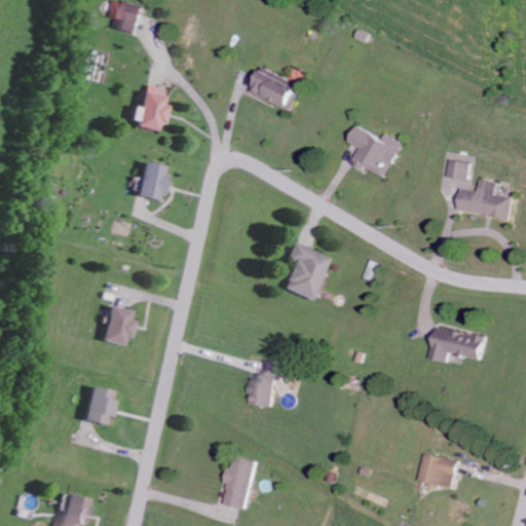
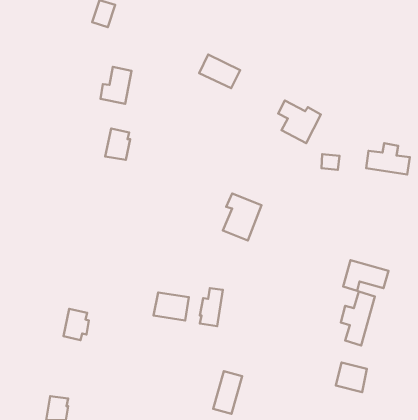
building: [448,159,471,179] -> [321,154,340,170]
building: [98,305,130,345] -> none
building: none -> [341,292,375,346]
building: none -> [153,292,189,321]
building: [222,455,258,509] -> [213,371,242,414]

